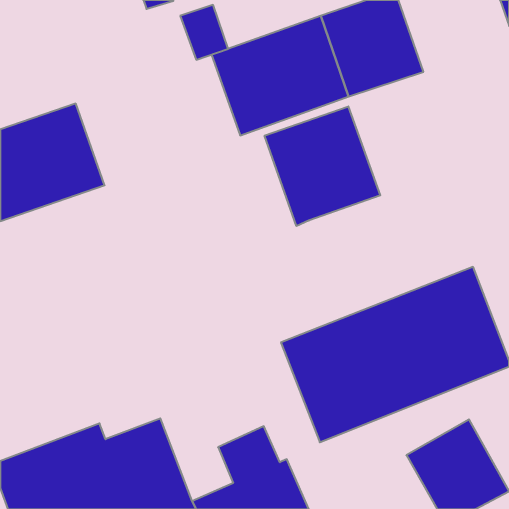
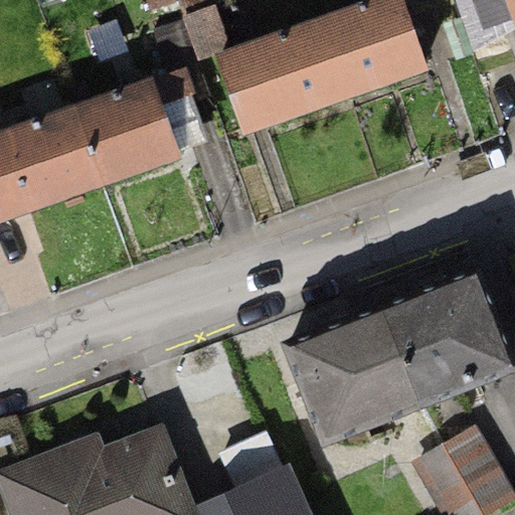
building: none -> [76,67,194,187]
building: [265,106,380,226] -> none

